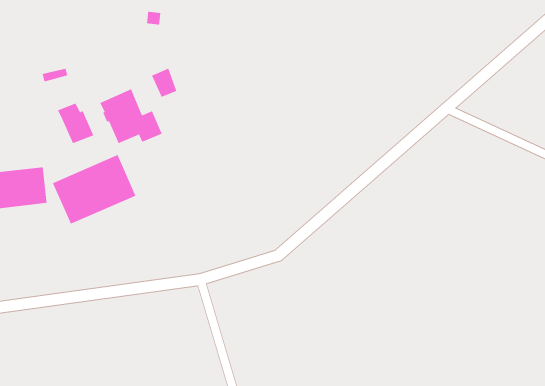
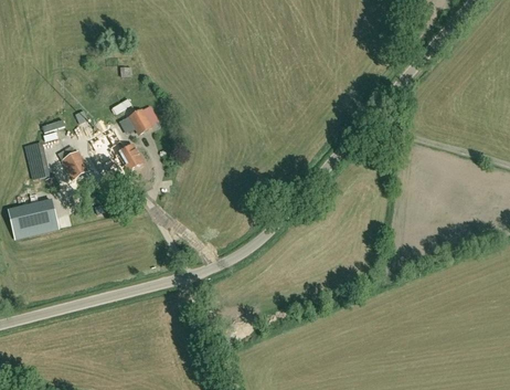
building: none -> [26,141,49,179]
building: [52,154,136,225] -> none

